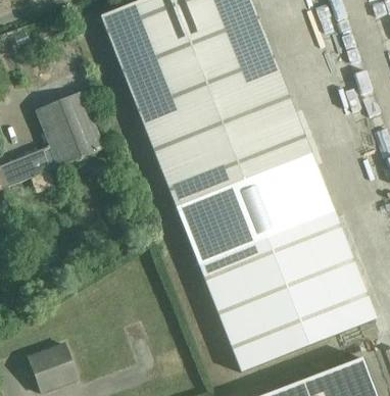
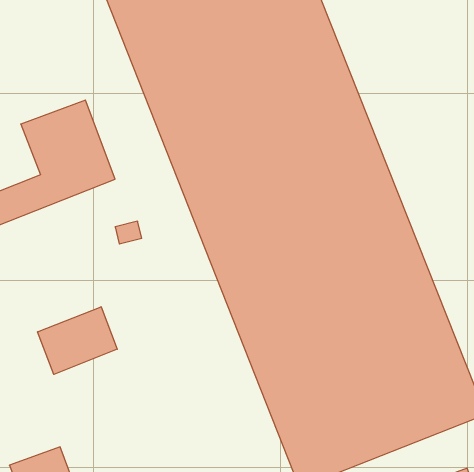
building: none -> [38,307,117,374]

